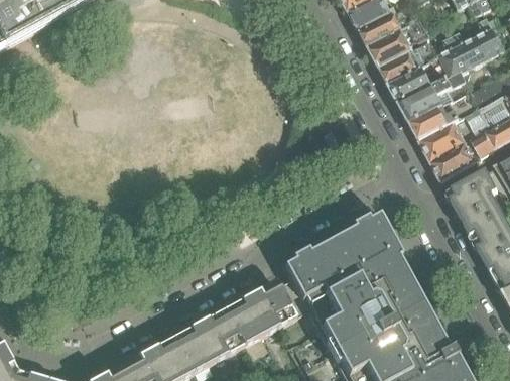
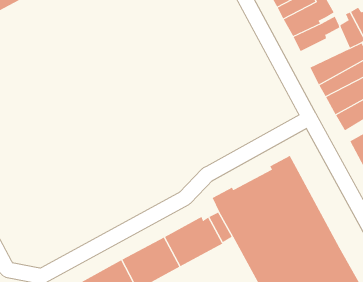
building: [389,54,449,103] -> none

